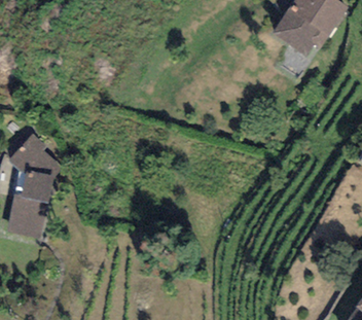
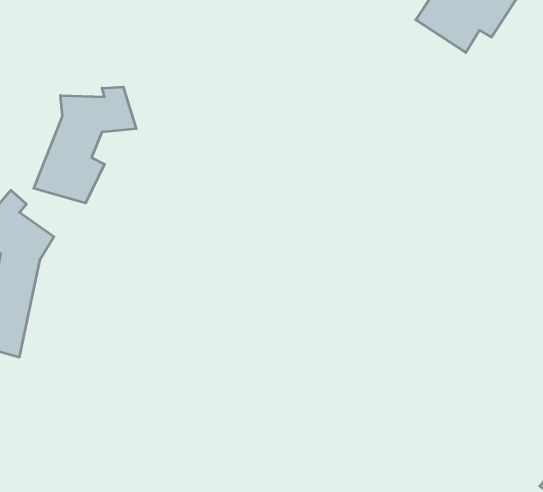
building: none -> [34,87,136,203]

